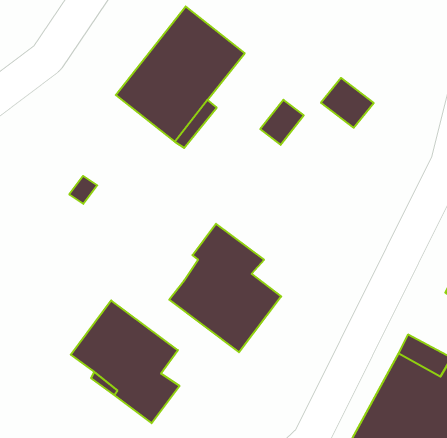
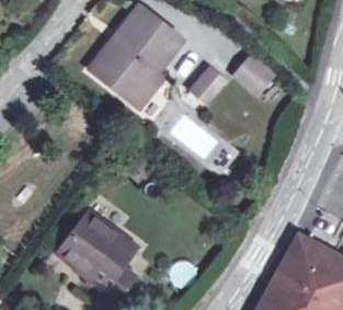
building: [169,224,281,352] -> none

